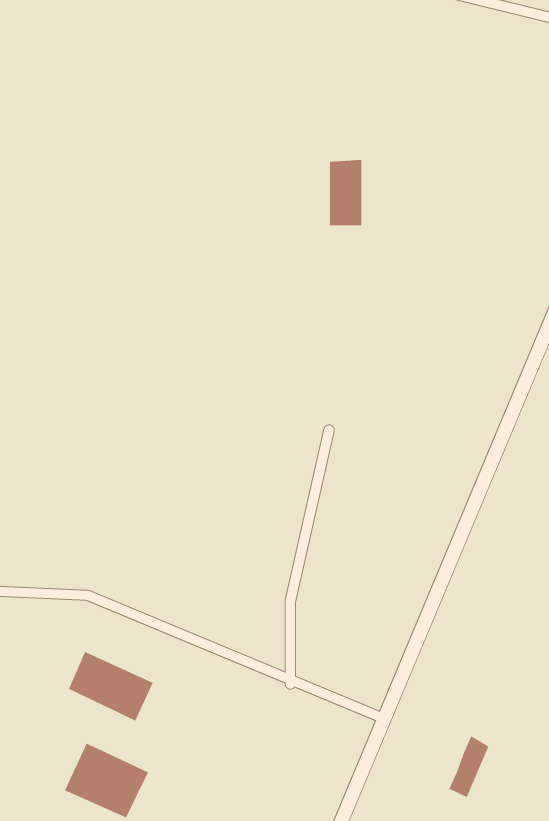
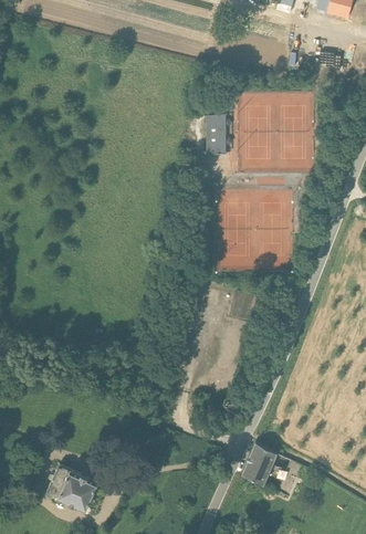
building: [68,651,154,721] -> none
building: none -> [242,442,276,485]

